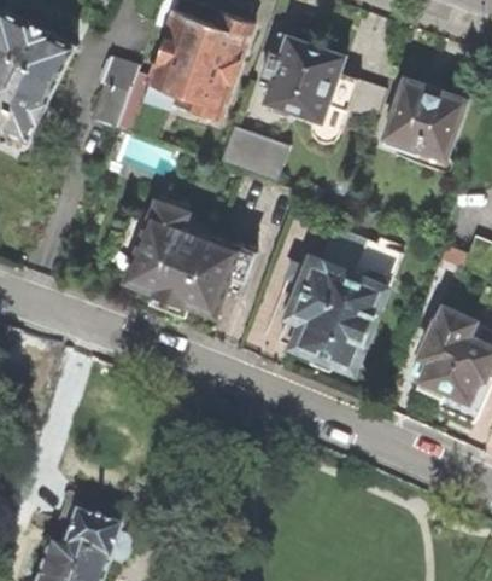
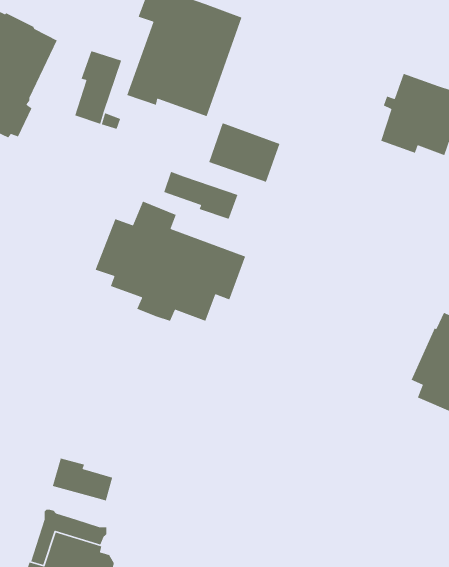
building: [258,35,357,121] -> none
building: none -> [163,171,239,220]
building: [280,239,400,371] -> none
building: none -> [52,458,113,502]

